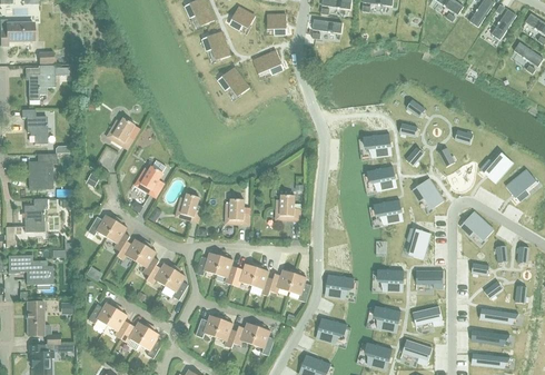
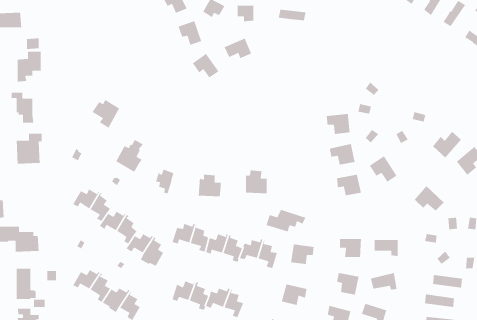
building: [23,198,47,231] -> none
building: [406,226,429,258] -> none
building: none -> [266,209,307,232]

